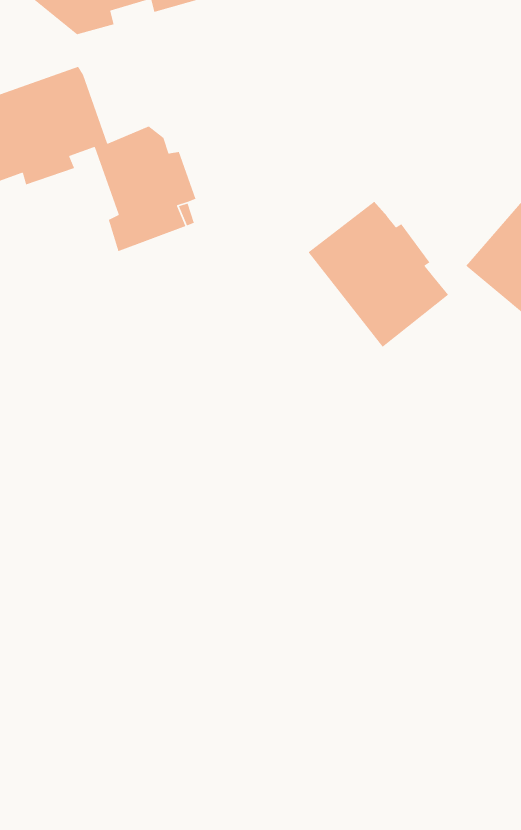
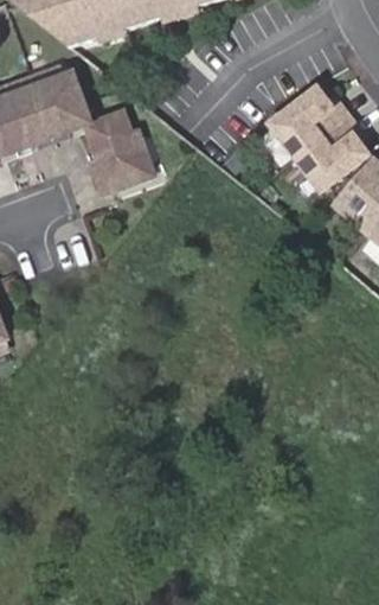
building: [307,201,449,348] -> [272,87,371,189]

